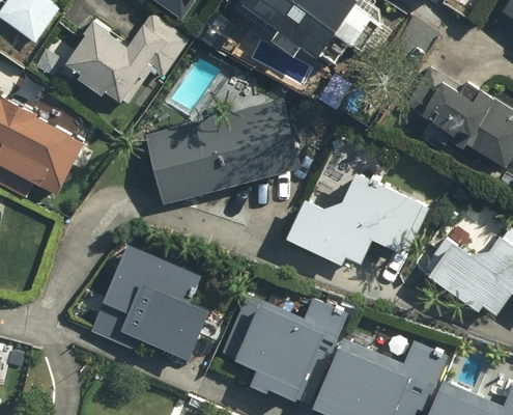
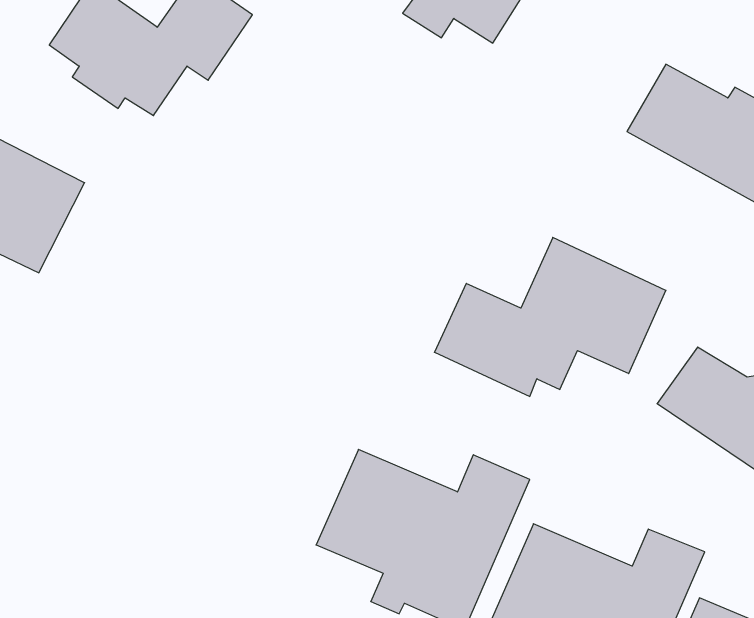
building: [142,101,302,205] -> none
building: [88,242,209,359] -> none

